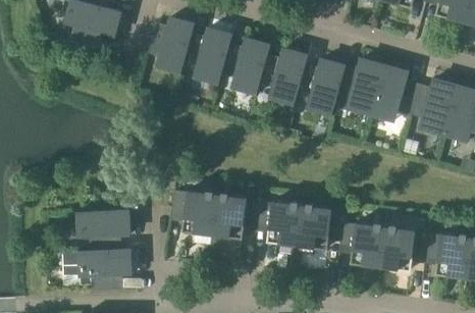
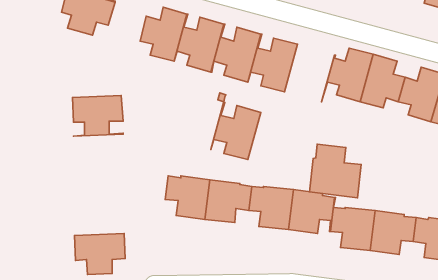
building: [294,56,345,115] -> [211,102,261,159]
building: none -> [310,144,361,198]
building: [77,210,129,252] -> [72,95,123,136]

